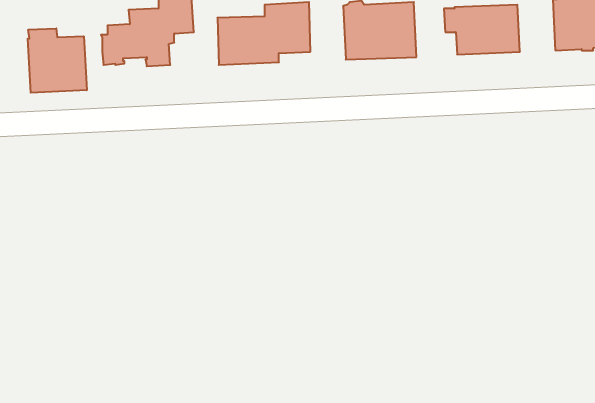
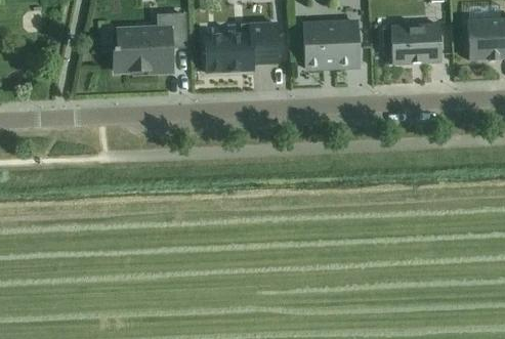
building: [28,28,87,93] -> none

